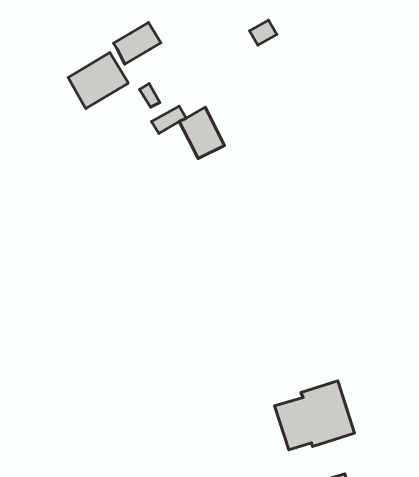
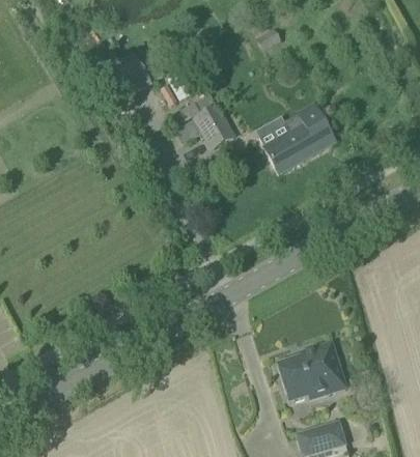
building: [113,22,161,64] -> none
building: none -> [262,103,335,172]

